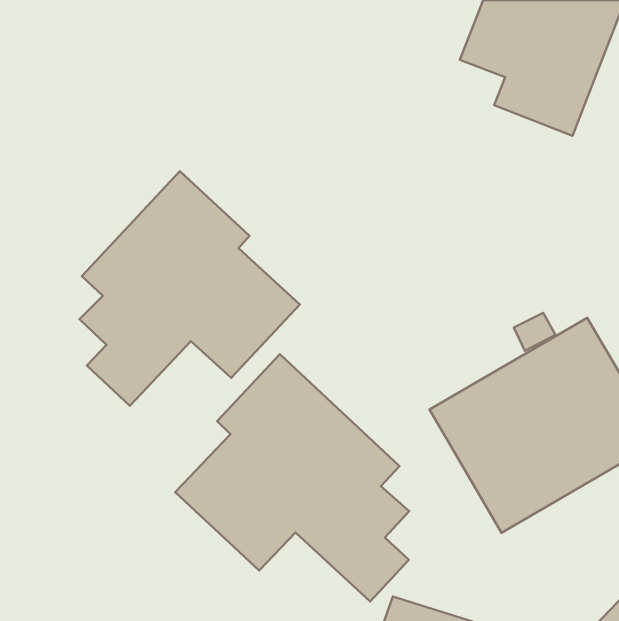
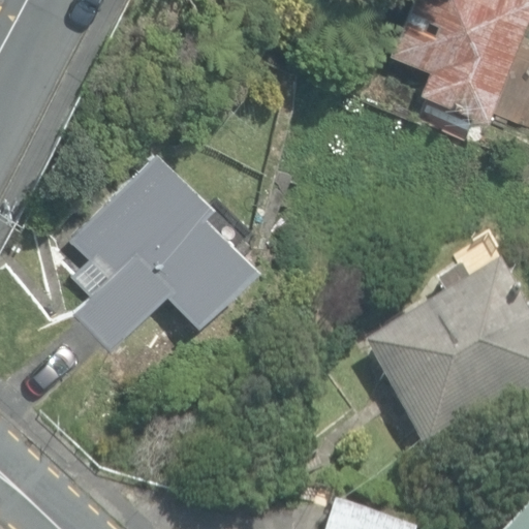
building: [175,354,409,601] -> none

